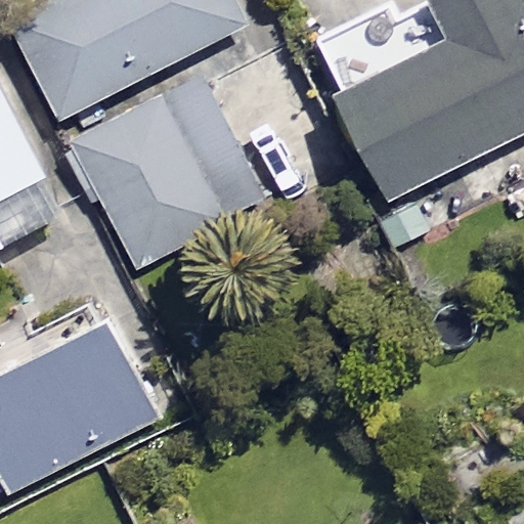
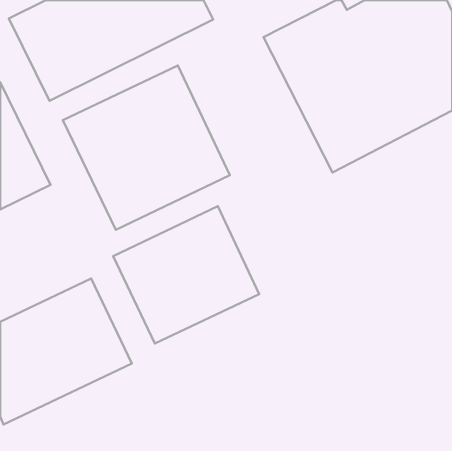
building: none -> [113,206,259,344]

